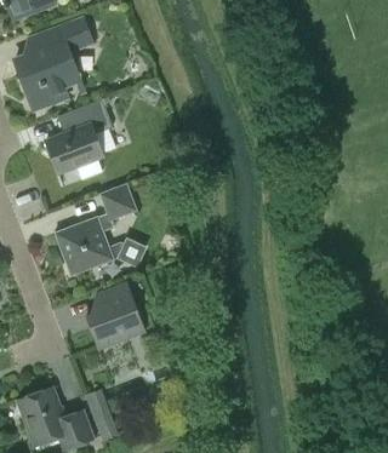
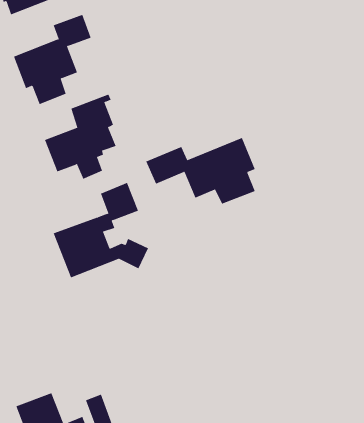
building: none -> [145,137,256,205]
building: [85,282,144,348] -> none

